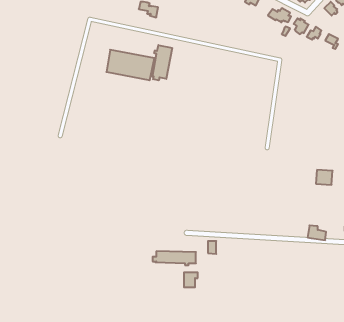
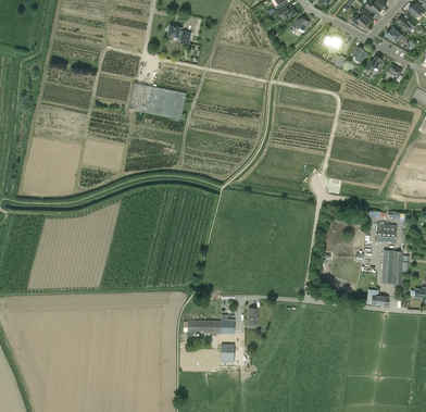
building: [152,45,172,80] -> none
building: none -> [380,250,402,284]

